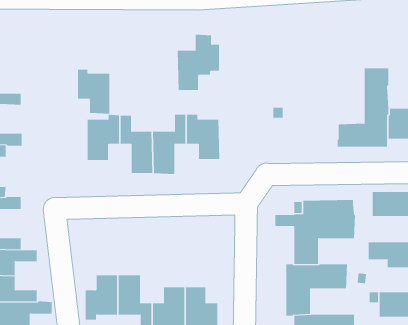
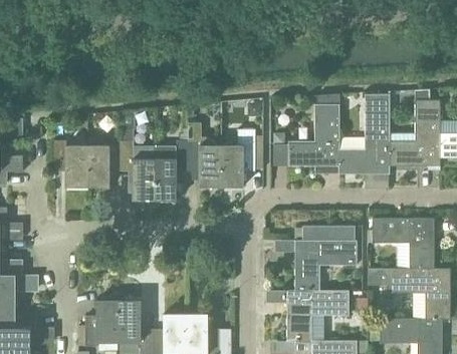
building: [177,34,220,90] -> [220,129,263,186]
building: [77,69,110,114] -> [54,141,87,187]
building: none -> [288,104,339,165]

